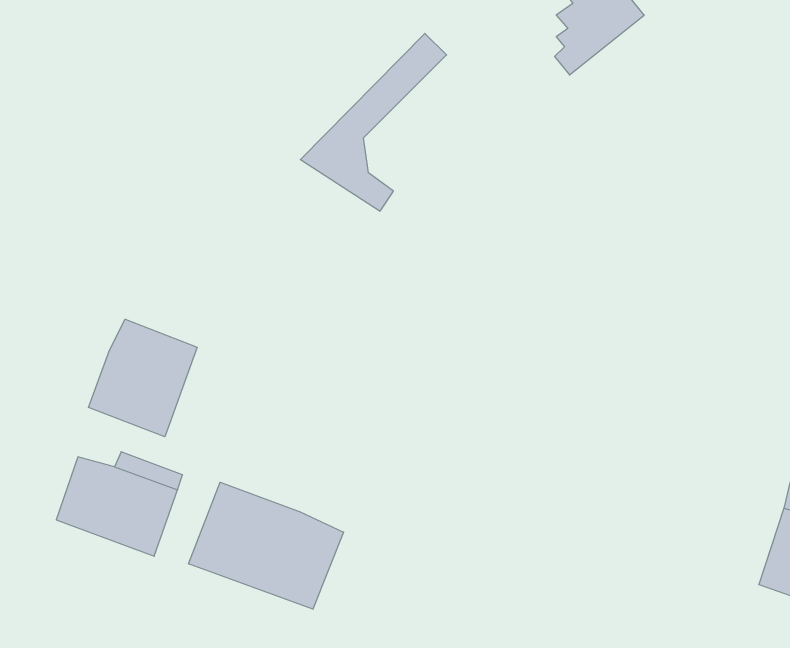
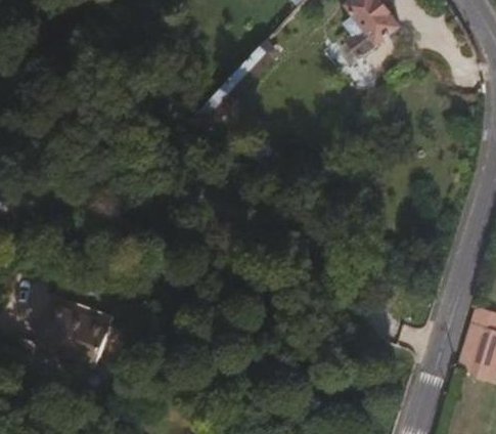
building: [88,319,197,437] -> none
building: [189,482,344,609] -> none

